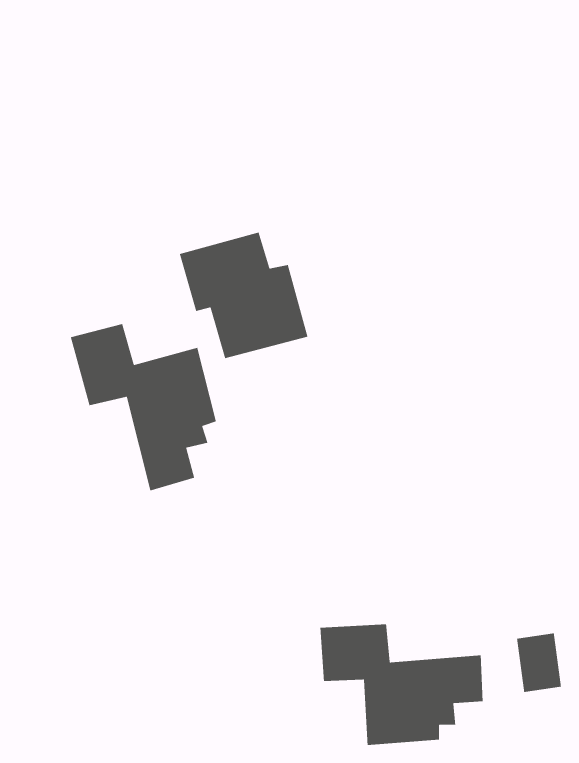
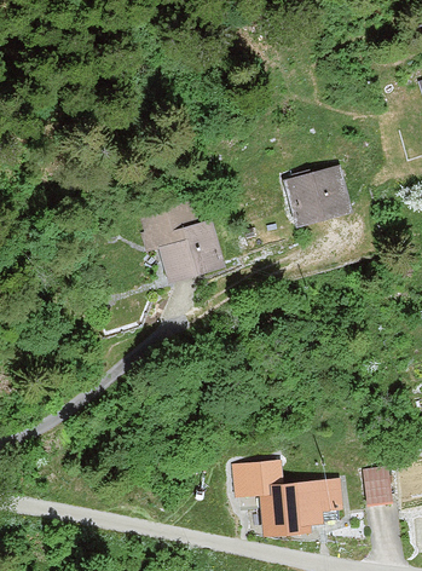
building: none -> [284,163,352,229]
building: [70,323,217,492] -> none

